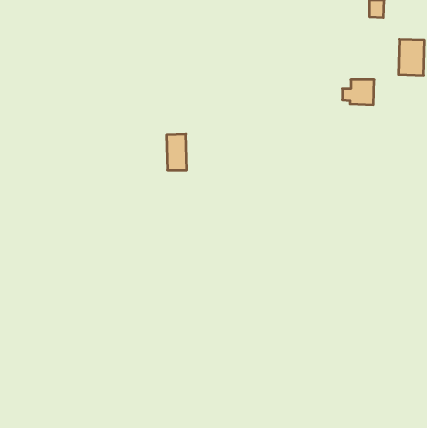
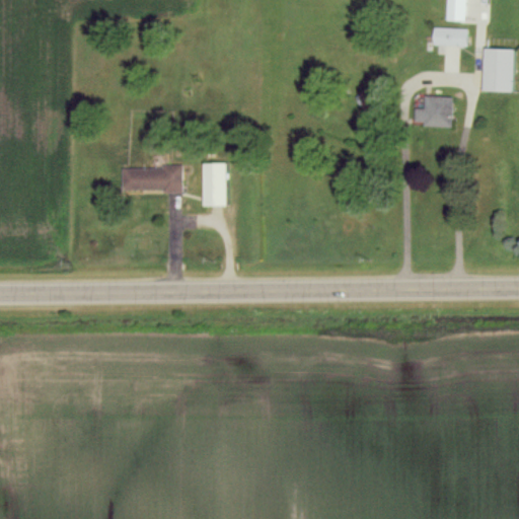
building: none -> [433,26,467,46]
building: none -> [121,165,181,191]

